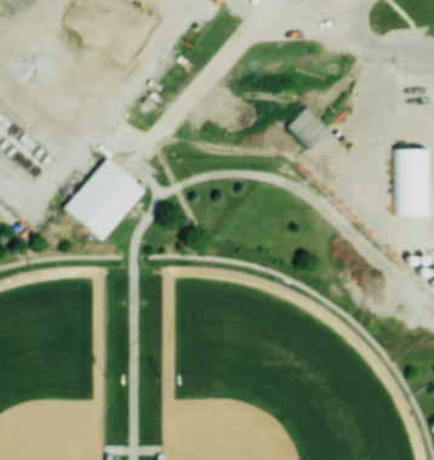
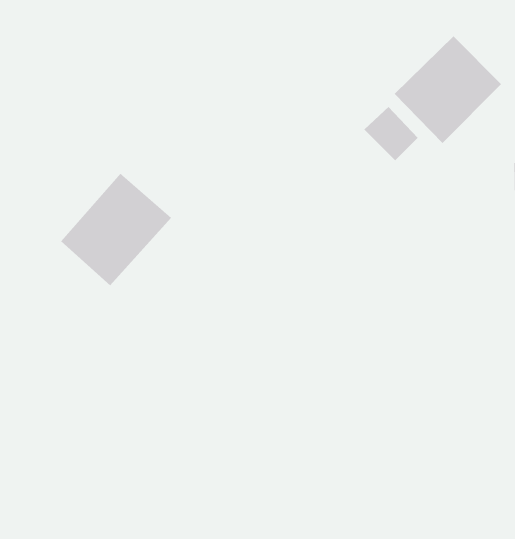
building: none -> [394,36,502,144]

